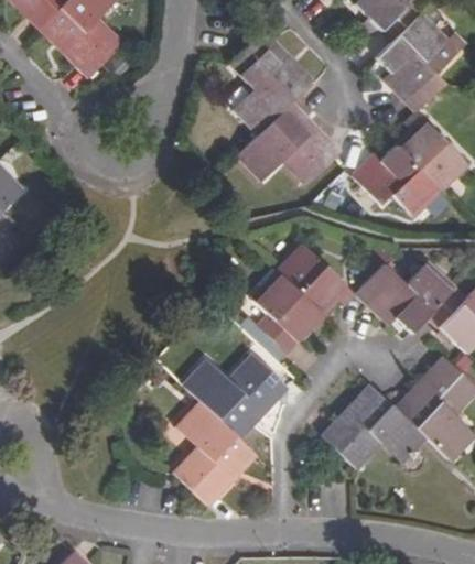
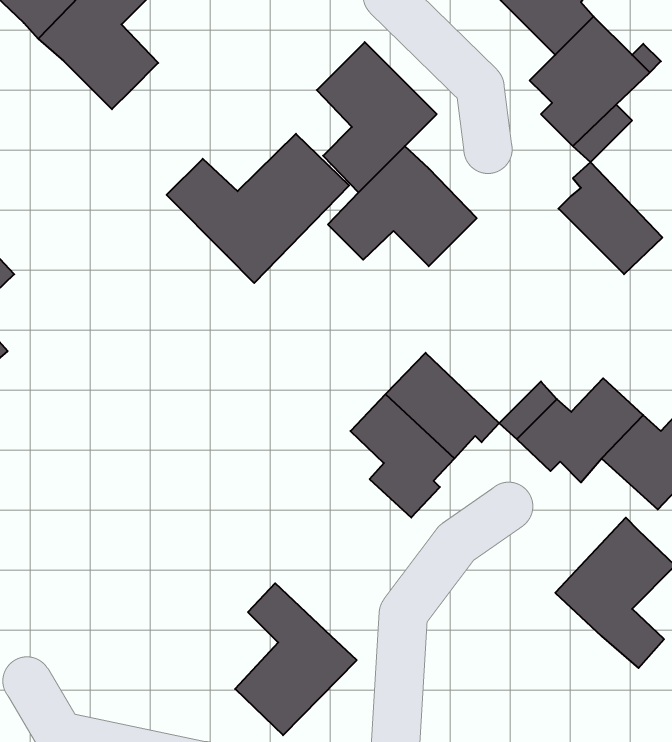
building: none -> [167,134,349,283]
building: [353,144,441,217] -> none
building: [183,356,287,438] -> none
building: [322,386,425,469] -> none

